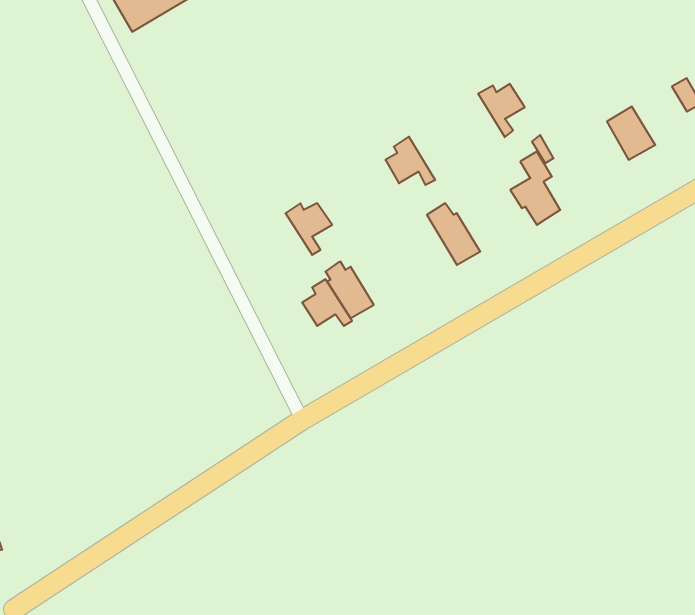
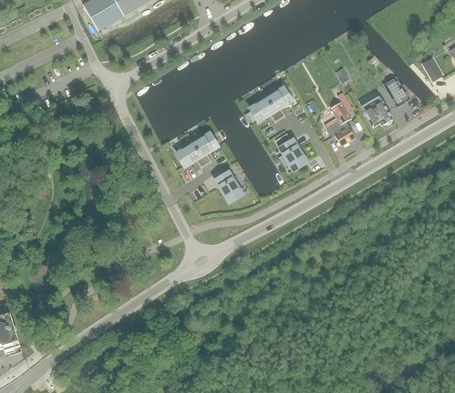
building: [478,84,525,137] -> [264,87,292,119]
building: none -> [362,97,393,127]
building: [302,279,352,326] -> [176,139,206,167]

